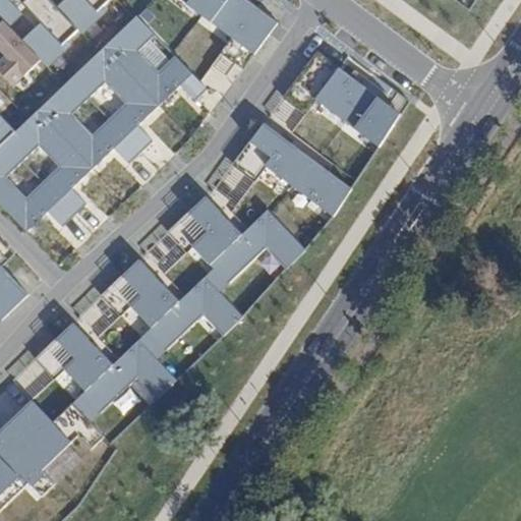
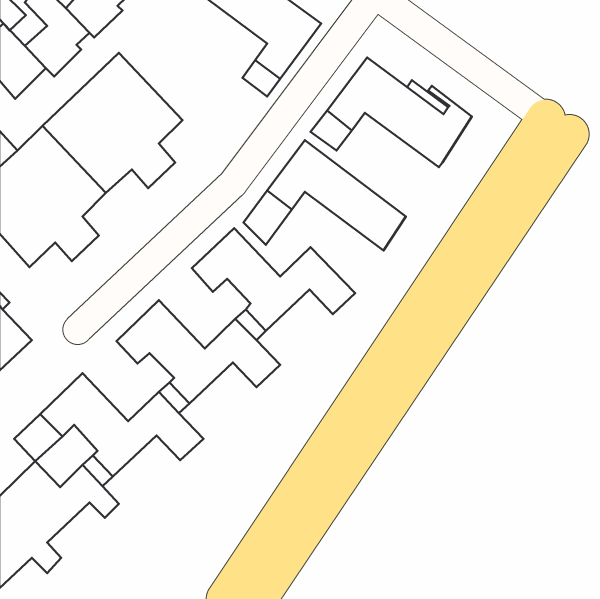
building: [103,14,207,104] -> none
building: [144,232,184,273] -> none
building: [77,295,119,336] -> none

